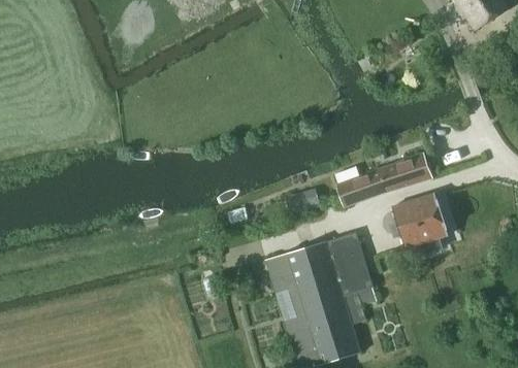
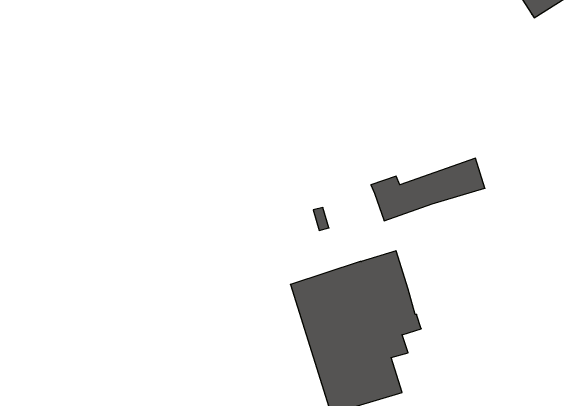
building: [390,194,446,254] -> none

